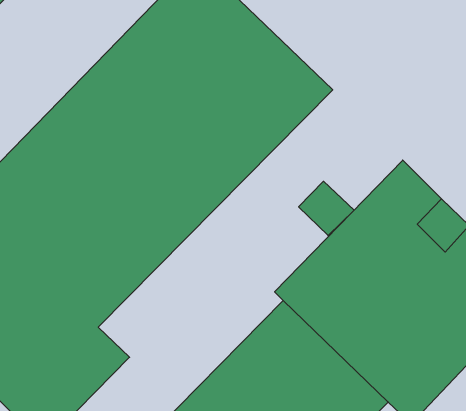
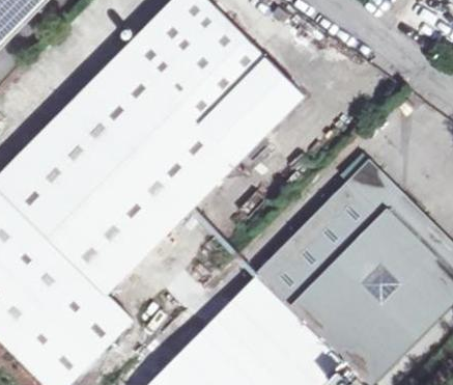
building: [299,181,354,236] -> none

